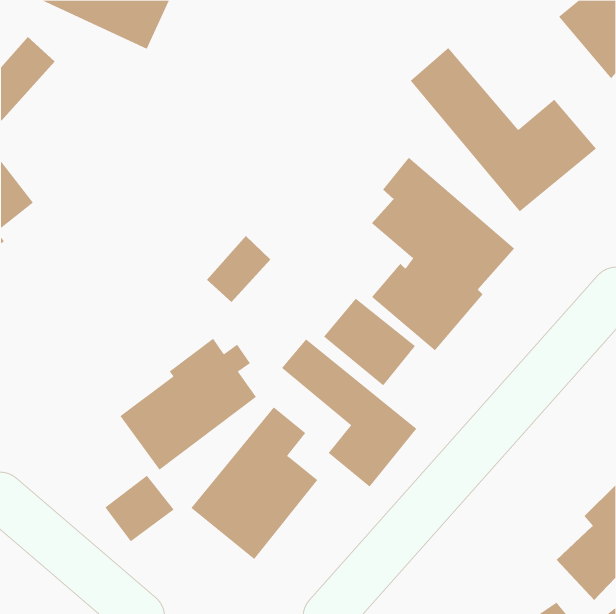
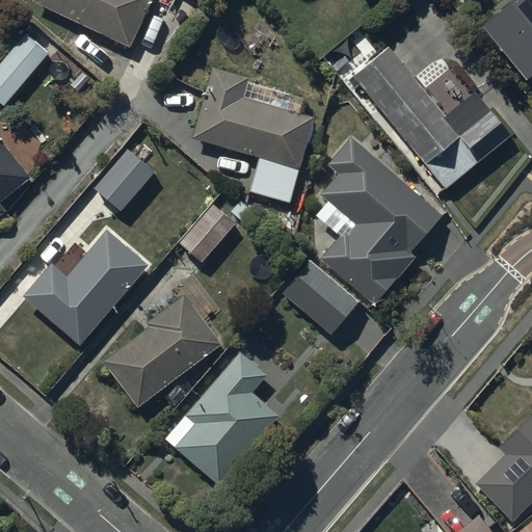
building: none -> [192,66,315,203]
building: none -> [92,149,154,212]
building: none -> [22,230,145,344]
building: [281,339,417,488] -> none
building: [105,475,174,542] -> none

